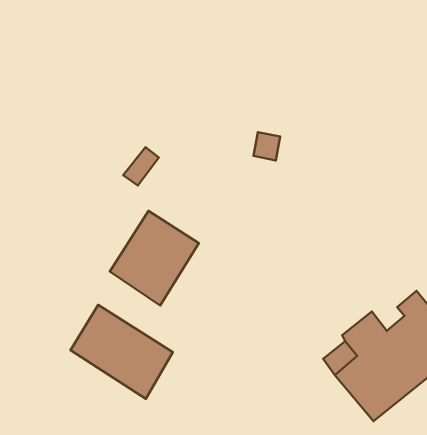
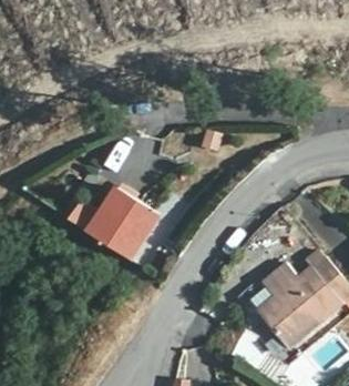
building: [70,305,173,399] -> none

